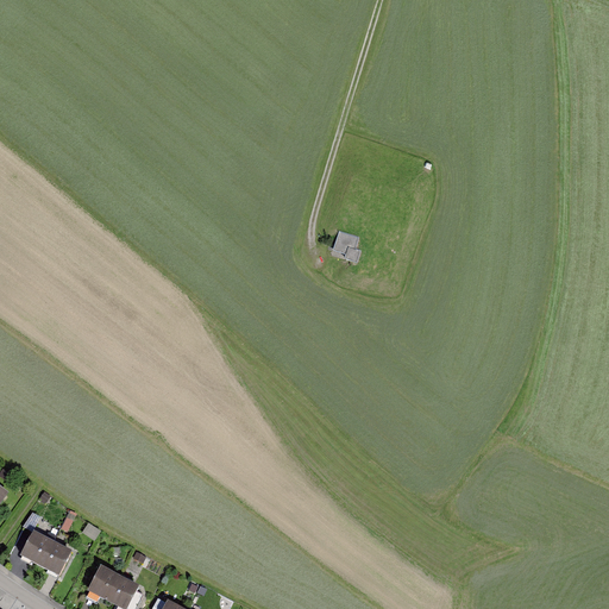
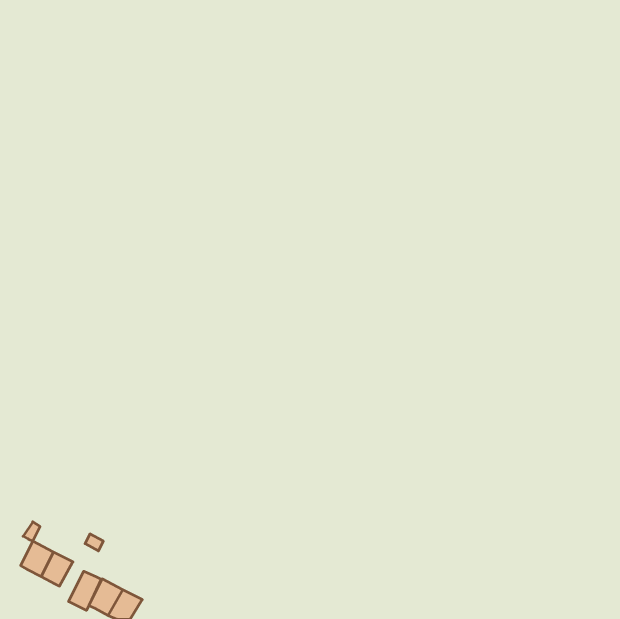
building: [333,231,363,259] -> none
building: none -> [69,571,101,610]

